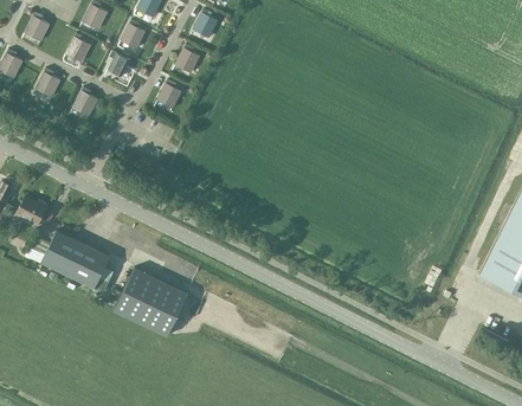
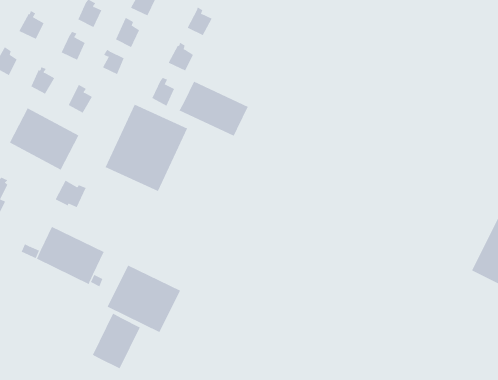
building: none -> [179,81,249,136]
building: none -> [105,104,188,192]
building: none -> [9,107,79,171]
building: [14,196,46,225] -> [55,180,86,208]
building: none -> [92,313,141,369]

